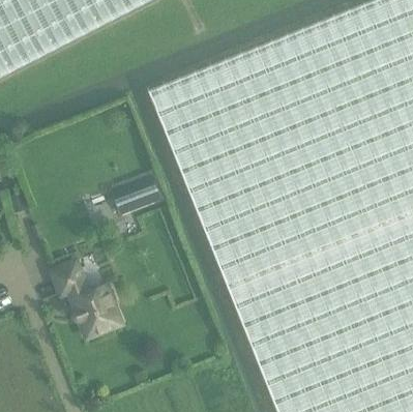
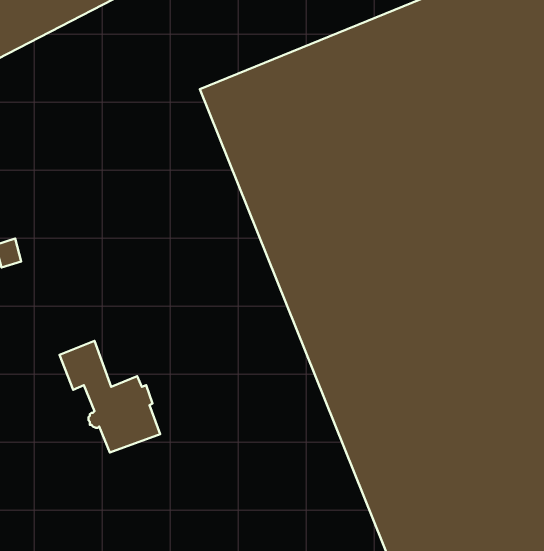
building: [113,175,161,213] -> none

